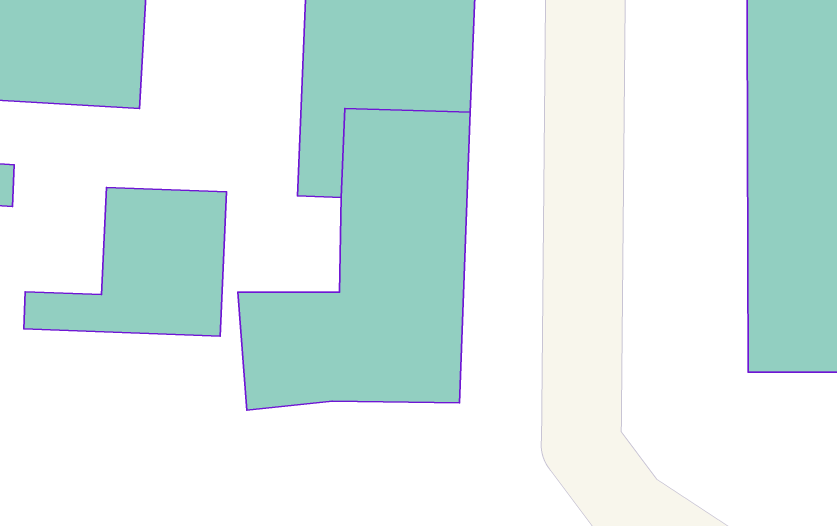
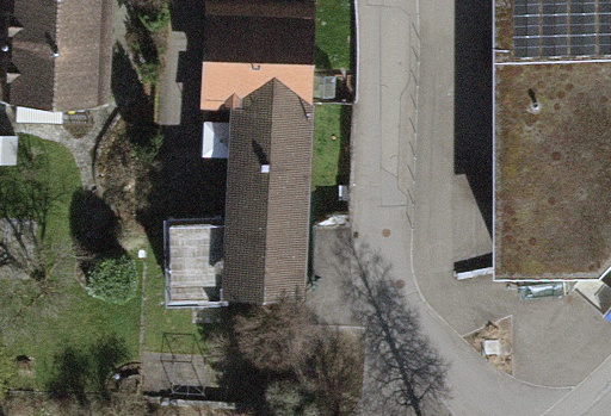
building: [24,187,227,336] -> none

